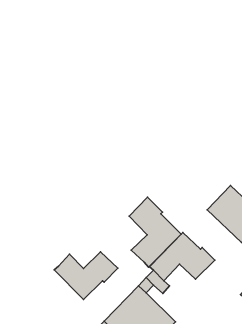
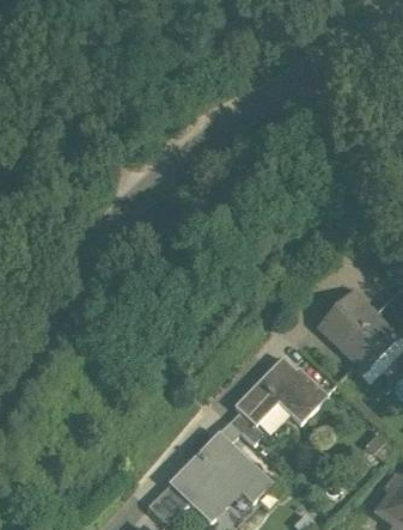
building: [129,197,181,267] -> none
building: [54,252,118,299] -> none

